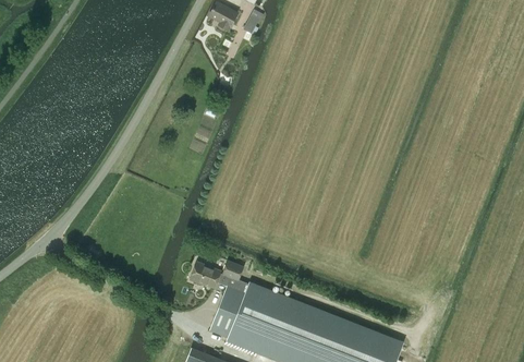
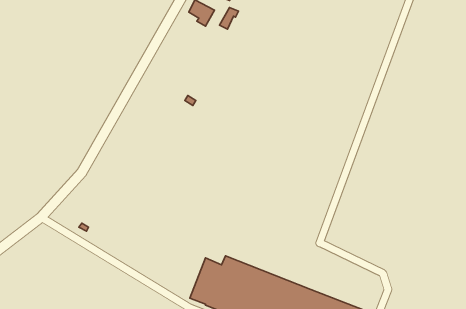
building: [191,261,249,294] -> none

